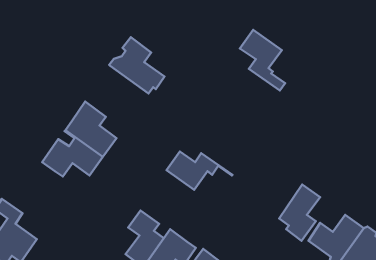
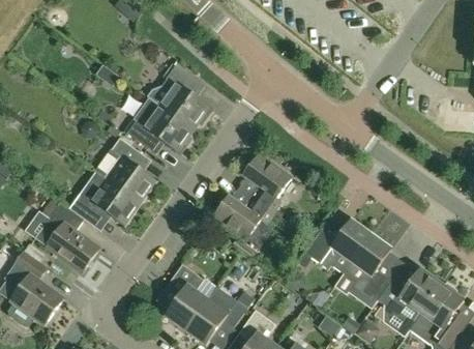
building: [240,30,285,90] -> [243,152,296,223]
building: none -> [125,96,192,152]
building: none -> [35,200,99,270]
building: none -> [304,220,371,273]

